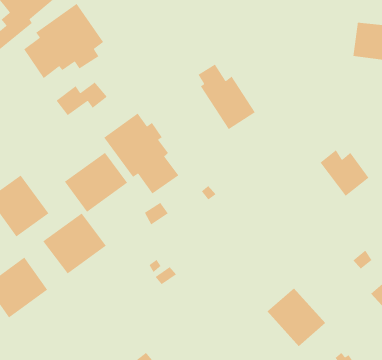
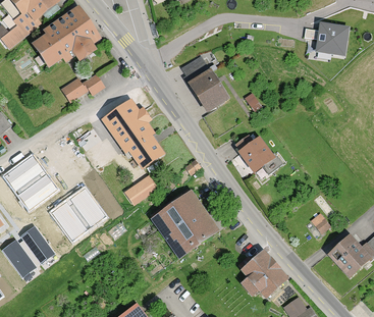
building: [319,149,369,197] -> [234,134,277,174]
building: [64,152,128,213] -> none
building: none -> [153,191,221,259]

